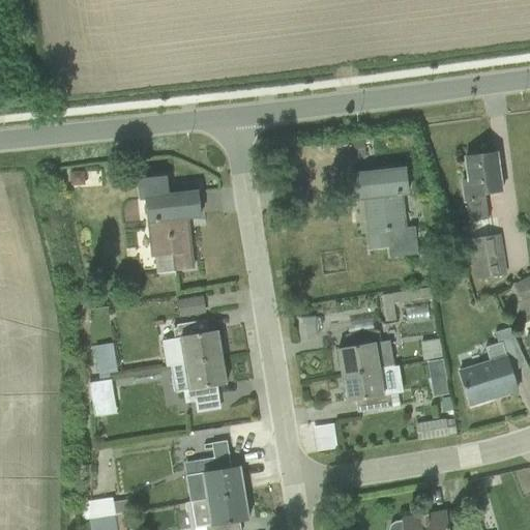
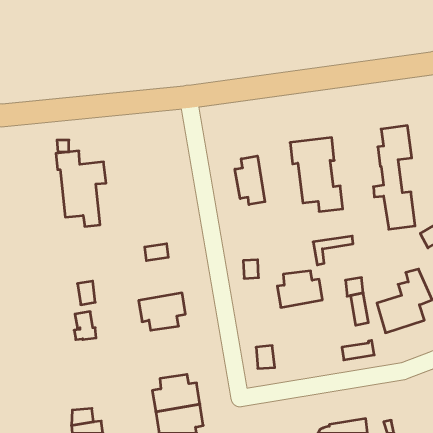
building: [140,177,201,269] -> [56,151,106,226]
building: none -> [235,156,265,205]
building: [163,320,224,366] -> none
building: [344,365,404,412] -> none

